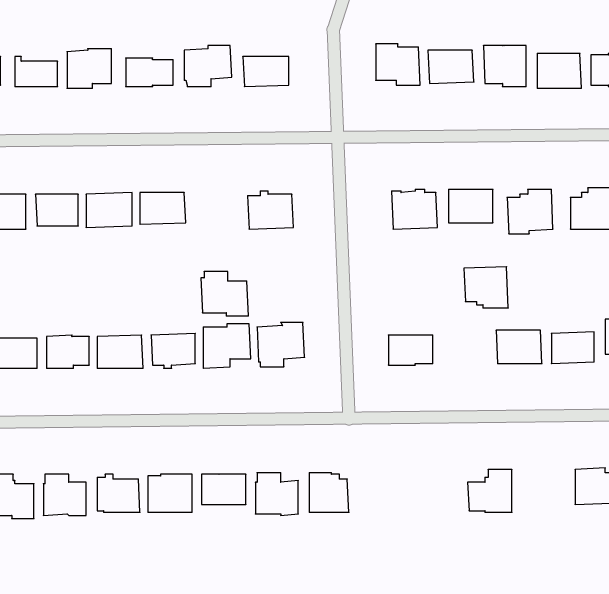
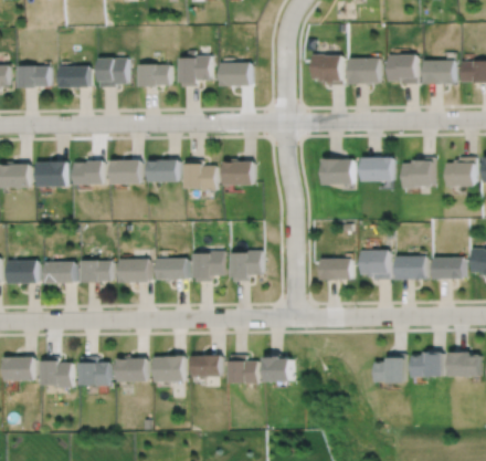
building: [464,267,508,308] -> [358,250,389,279]
building: [201,272,248,316] -> [182,159,215,190]
building: none -> [412,352,443,377]

